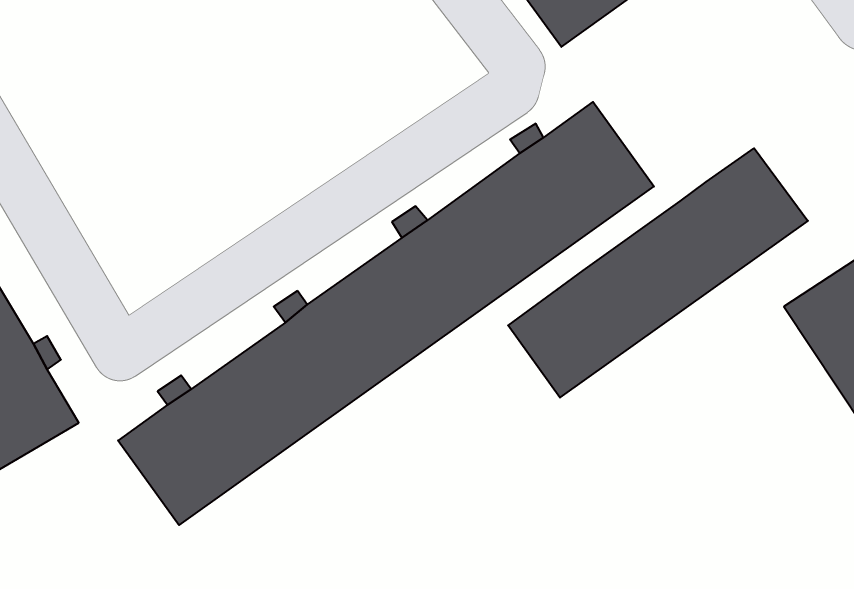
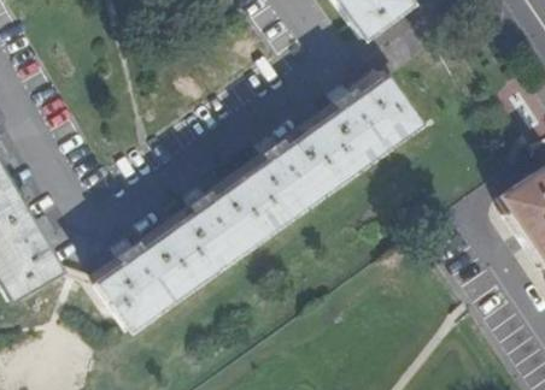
building: [508,148,808,398] -> none

